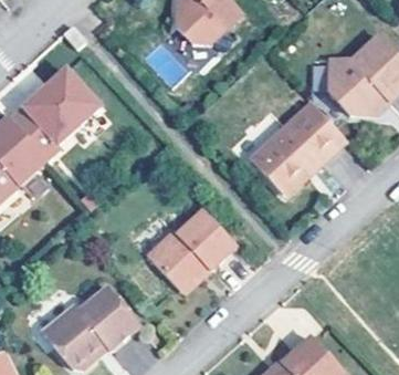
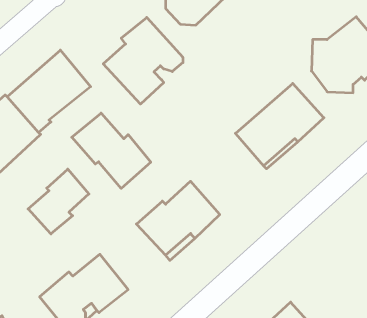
building: none -> [103,17,183,104]
building: none -> [72,113,151,188]
building: none -> [28,169,89,234]

